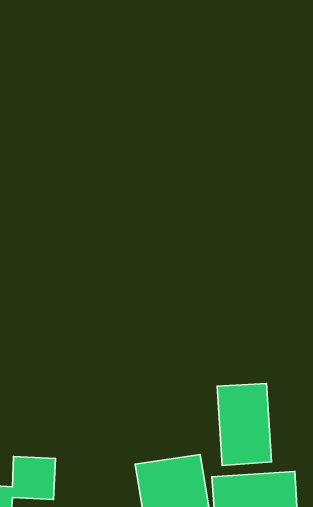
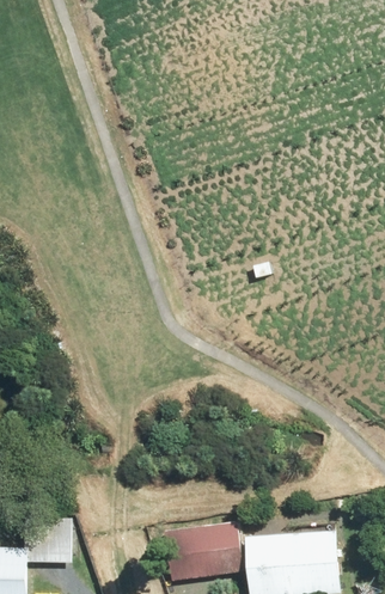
building: [217,383,272,466] -> none

